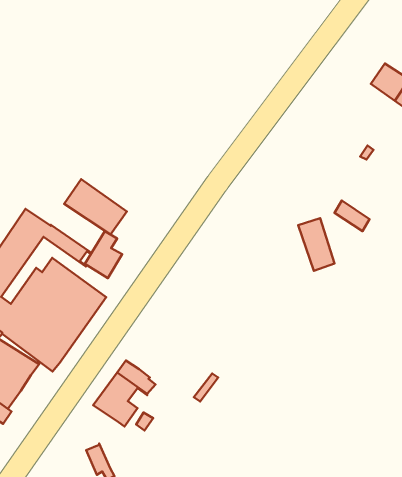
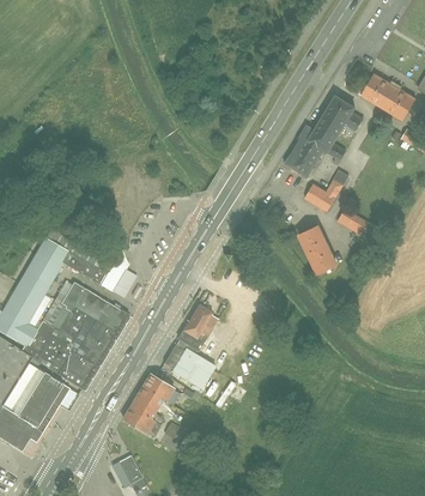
building: none -> [284,95,363,176]
building: none -> [303,169,348,210]
building: [64,179,127,235] -> none
building: none -> [162,303,217,389]

